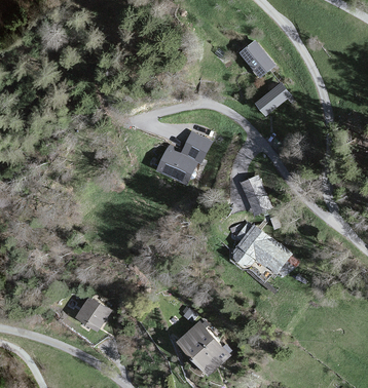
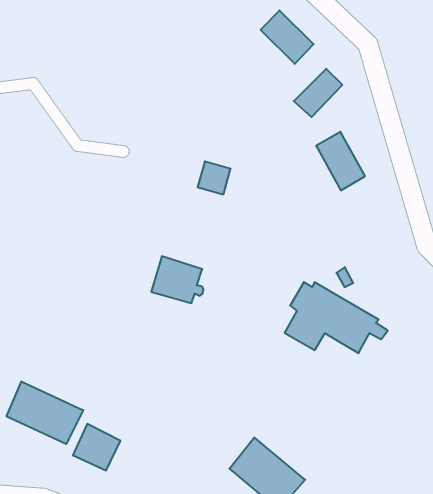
building: [160,148,196,182] -> [151,256,203,303]
building: [241,177,270,216] -> [316,132,365,190]
building: none -> [7,381,83,444]

